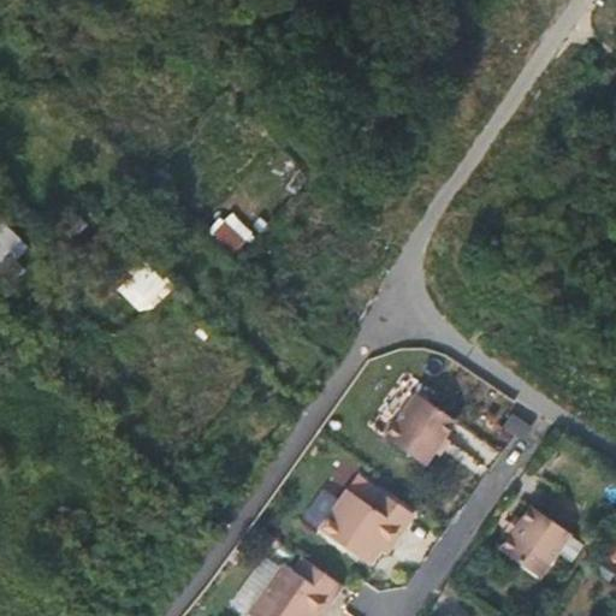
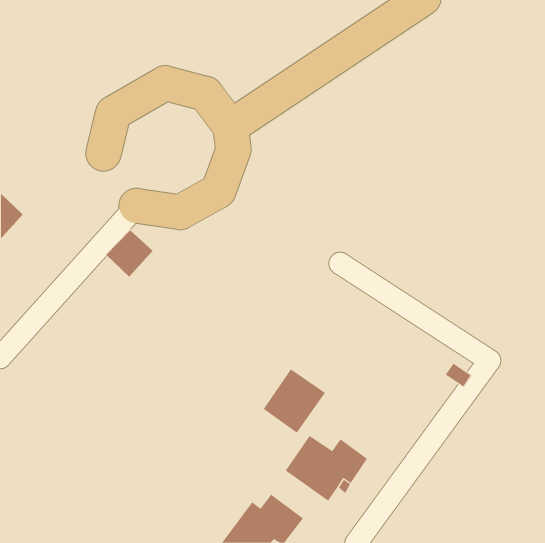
building: [385,386,456,460] -> [263,368,326,433]
building: [497,505,567,578] -> none

